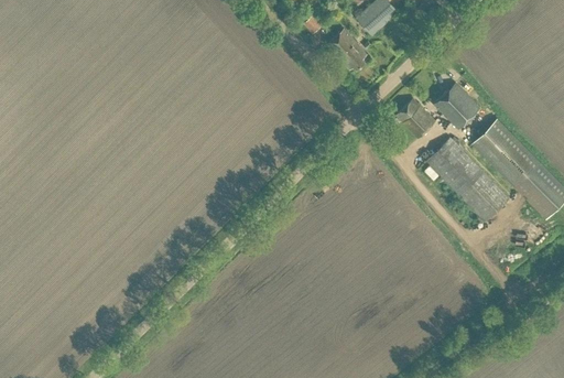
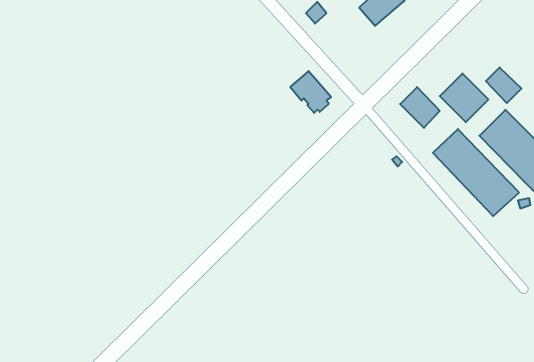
building: [325,29,365,69] -> [290,71,331,113]
building: none -> [486,67,521,103]

